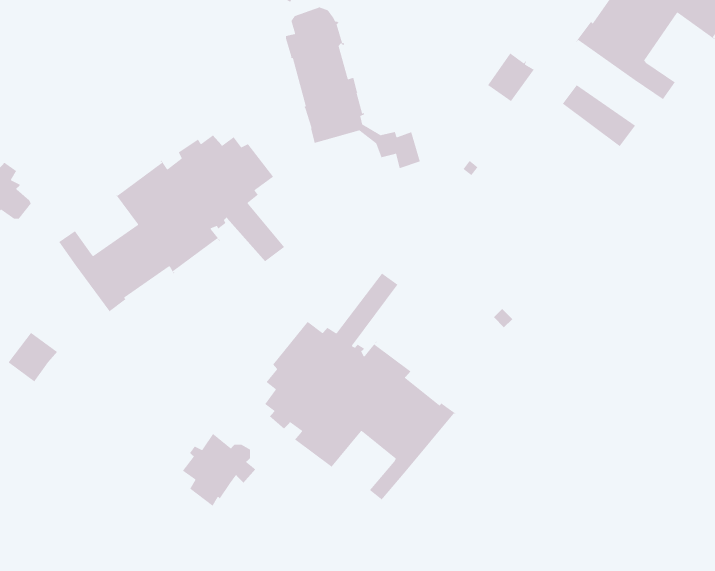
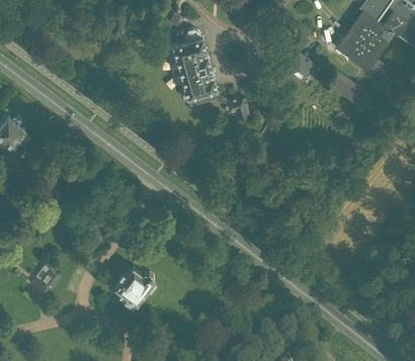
building: [58,135,285,314] -> none
building: [264,273,458,501] -> none
building: [7,332,58,382] -> [30,264,59,292]

